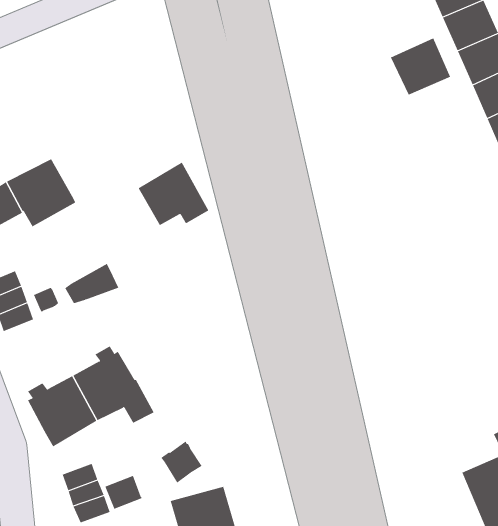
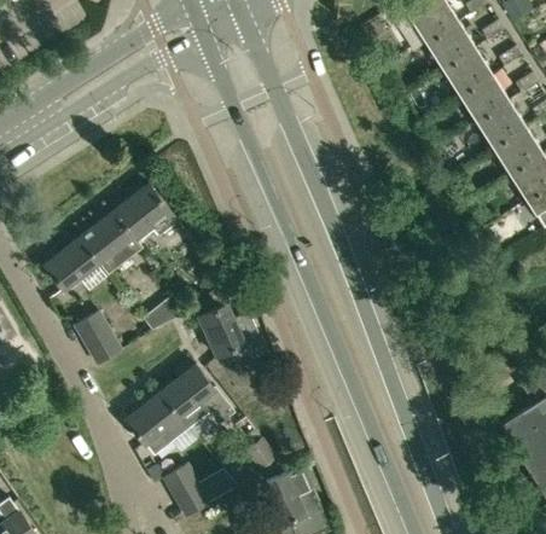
building: [390,38,451,96] -> none
building: [138,162,209,226] -> [115,184,178,240]
building: none -> [198,302,260,356]

